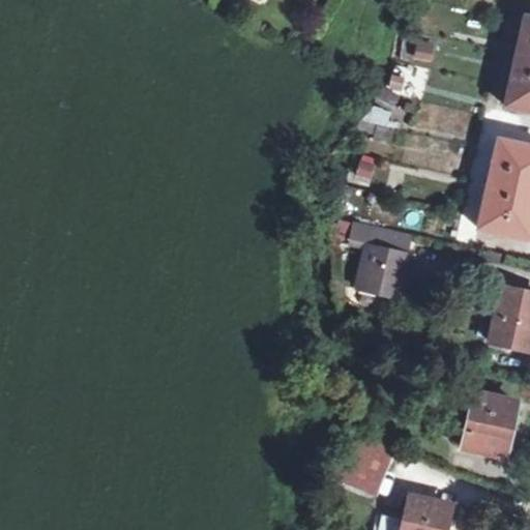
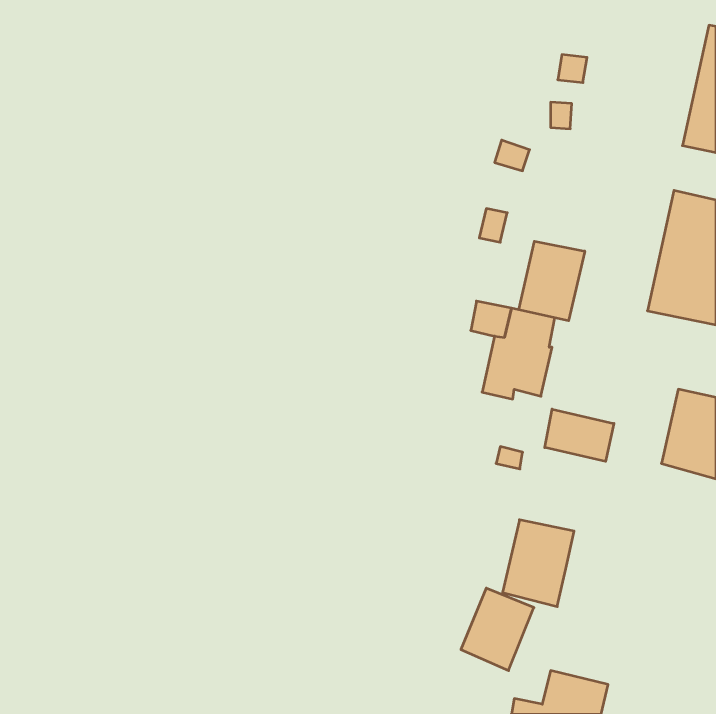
building: none -> [519,241,585,321]
building: none -> [545,409,614,461]
building: [462,394,514,459] -> [503,520,574,607]

